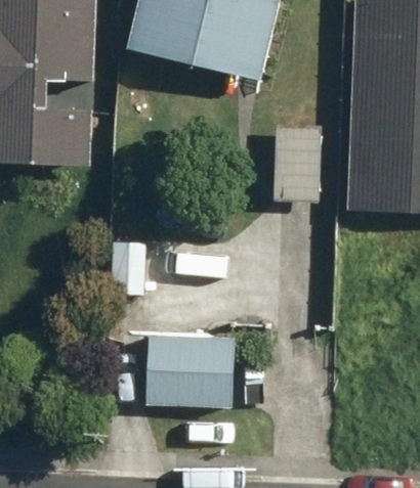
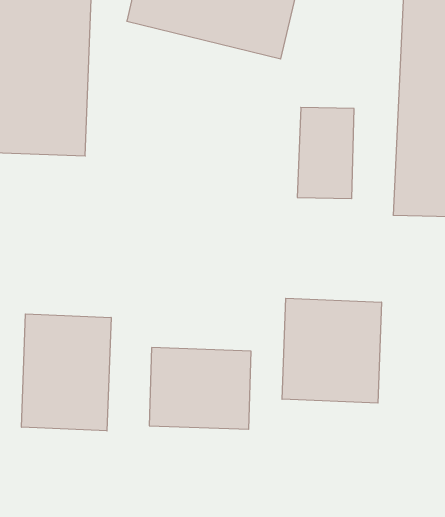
building: none -> [282,298,381,403]
building: none -> [22,314,111,431]

